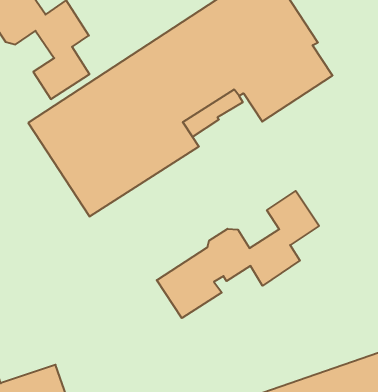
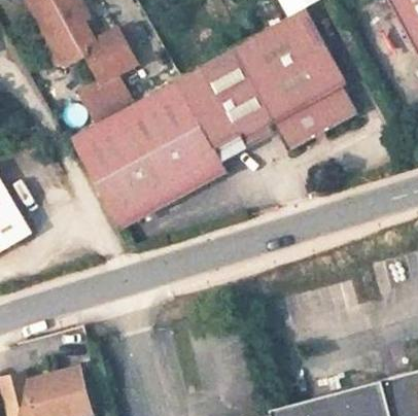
building: [157,191,319,318] -> none

